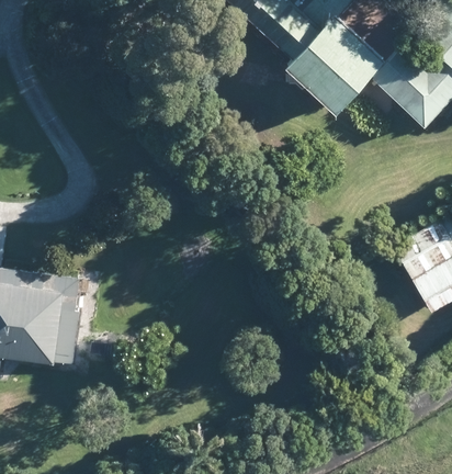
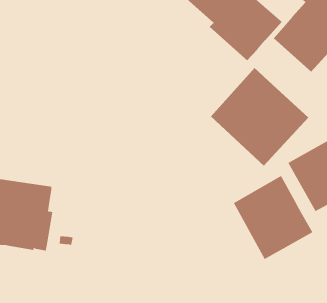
building: none -> [210,67,309,167]
building: none -> [233,175,313,260]

